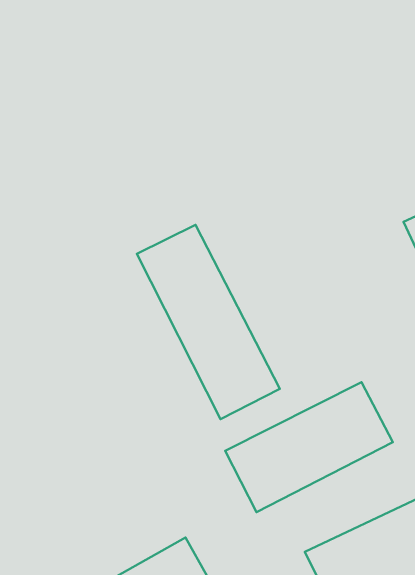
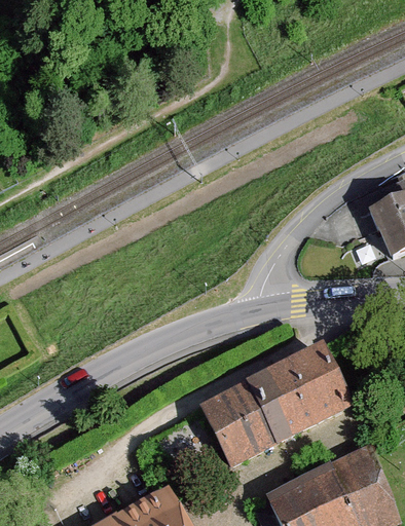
building: [137,225,280,419] -> none

